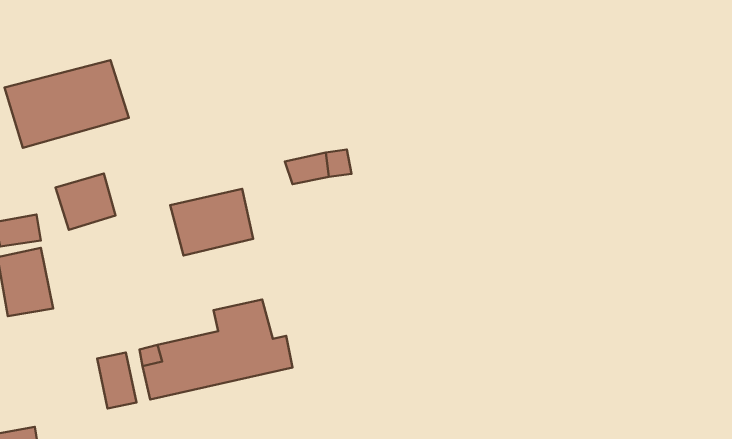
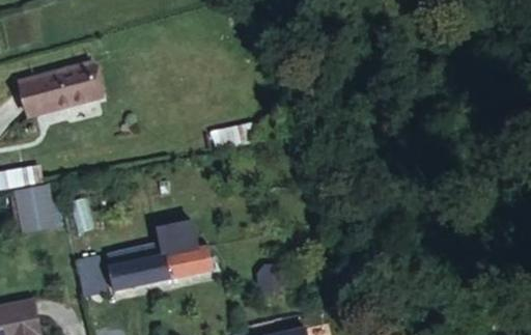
building: [55,174,116,230] -> none
building: [170,189,253,256] -> none

